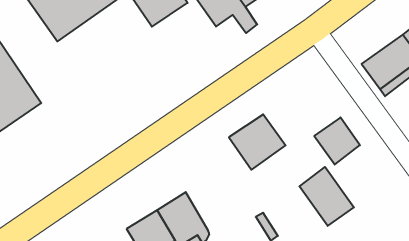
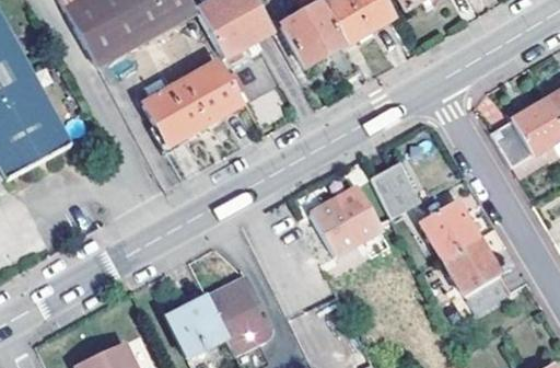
building: none -> [143,57,247,147]
building: none -> [371,161,420,217]
building: [299,167,354,226] -> [443,237,511,313]

